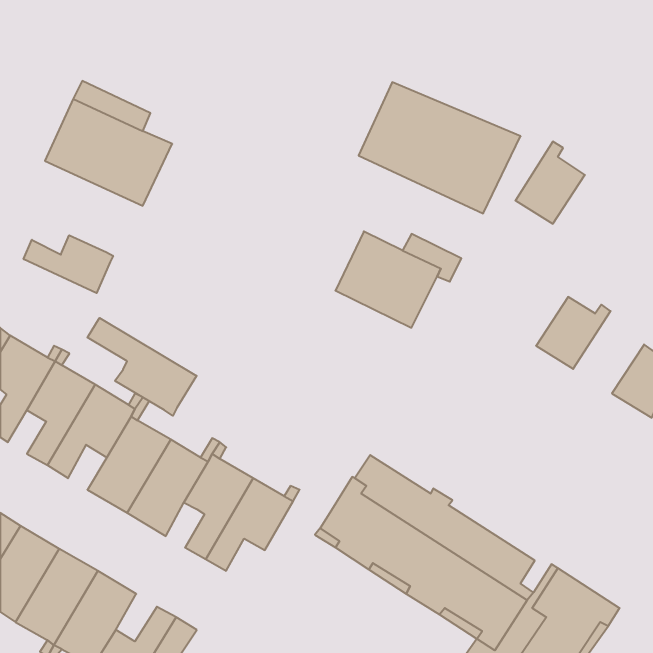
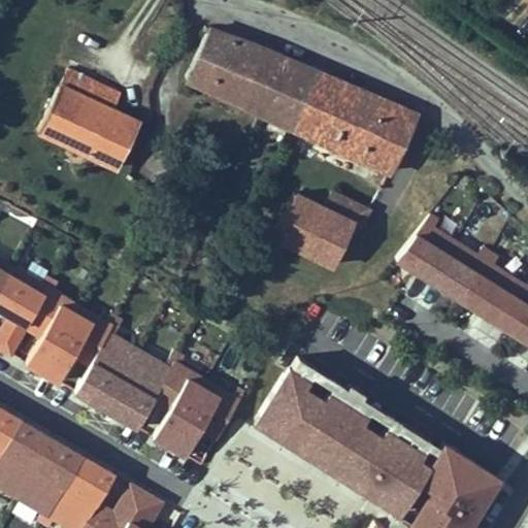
building: none -> [187,26,318,128]
building: [515,142,585,224] -> [403,214,459,280]
building: [24,235,113,293] -> none
building: none -> [463,253,520,319]
building: [87,318,197,416] -> none

